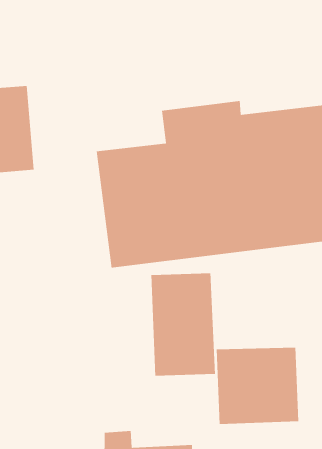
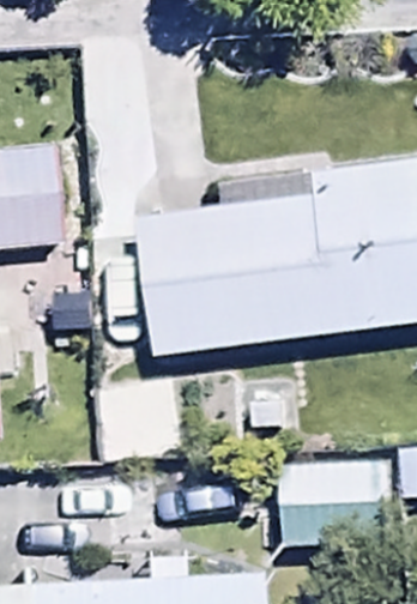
building: [151,272,216,377] -> none

